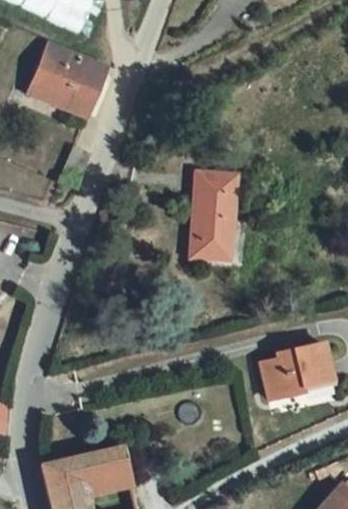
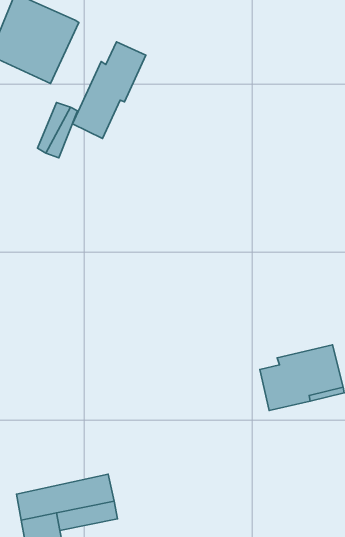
building: none -> [72,42,146,139]
building: [203,164,248,254] -> none

